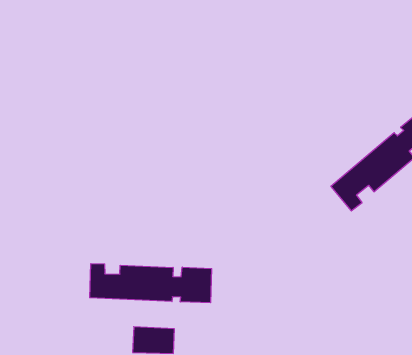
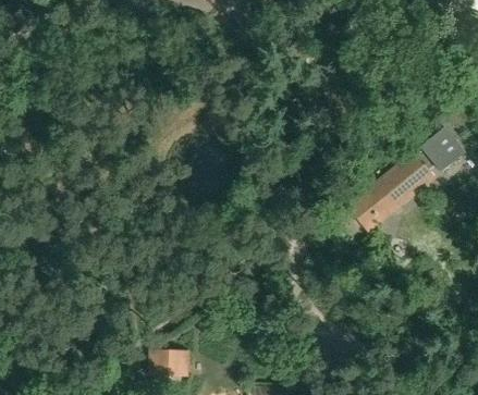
building: [90,264,212,303] -> none

